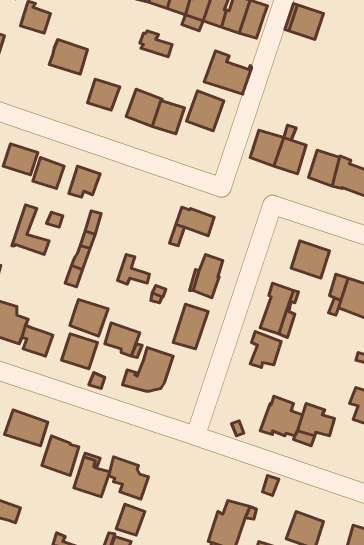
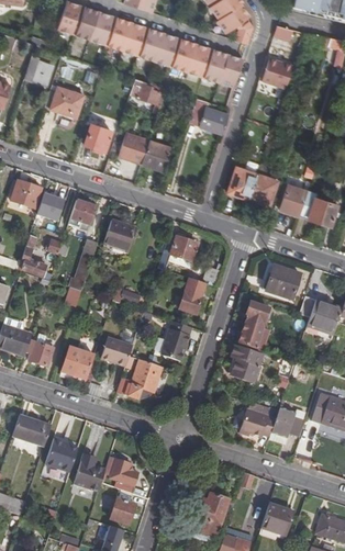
building: [187,91,224,131] -> none
building: none -> [103,218,135,250]
building: [70,300,108,336] -> none

